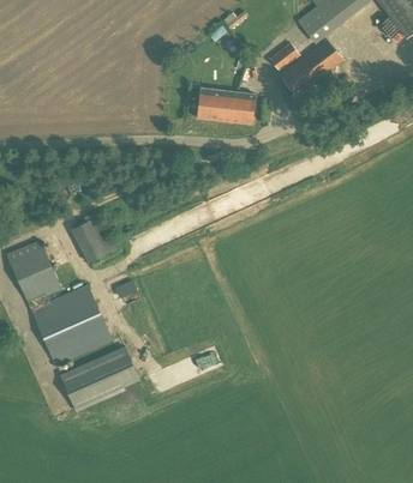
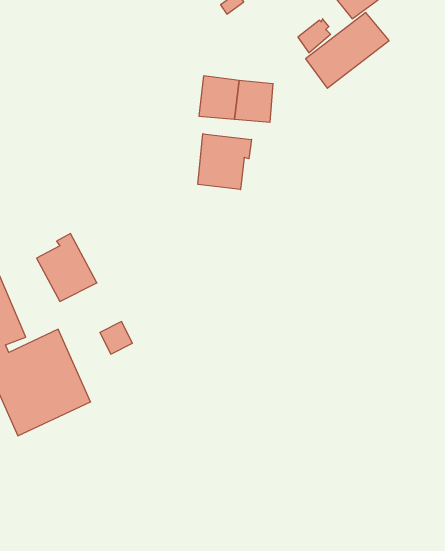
building: none -> [198,134,251,190]
building: [60,349,139,409] -> none

